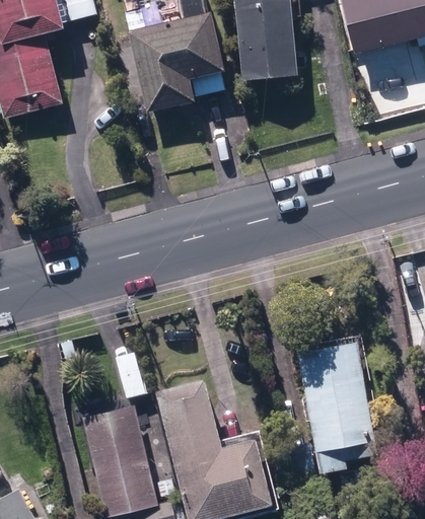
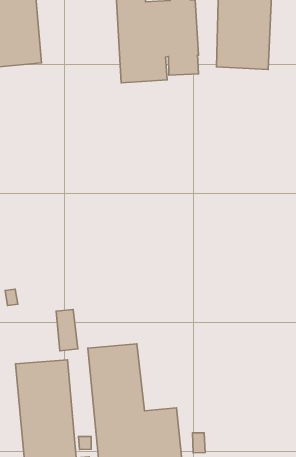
building: [298,343,376,474] -> none

